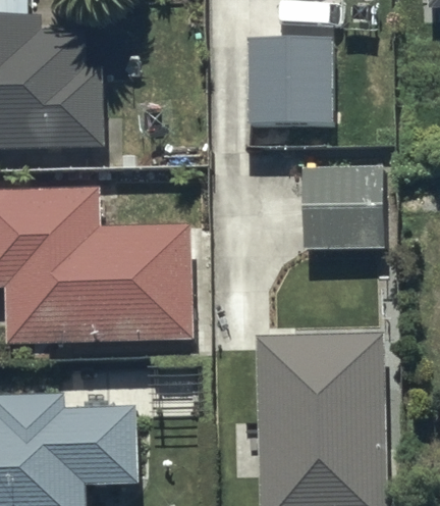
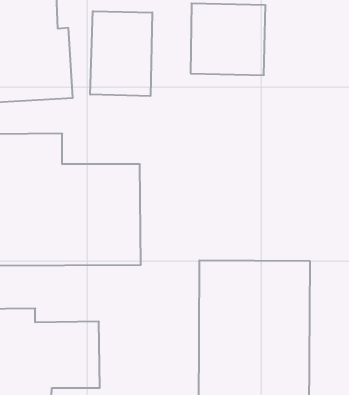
building: none -> [90,11,152,96]
building: [299,164,401,251] -> none

